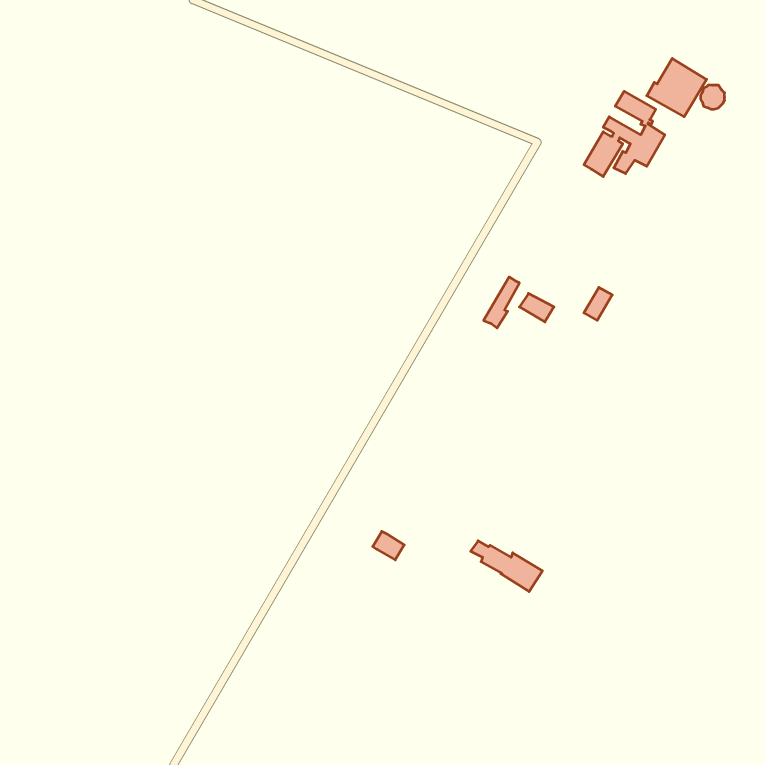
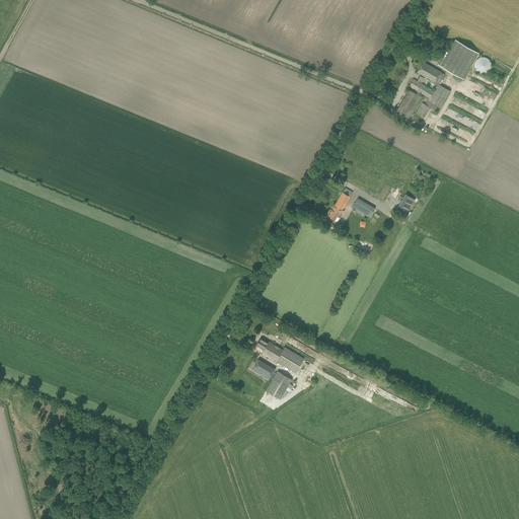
building: [471,541,542,592] -> [255,339,304,373]
building: none -> [266,371,292,399]

